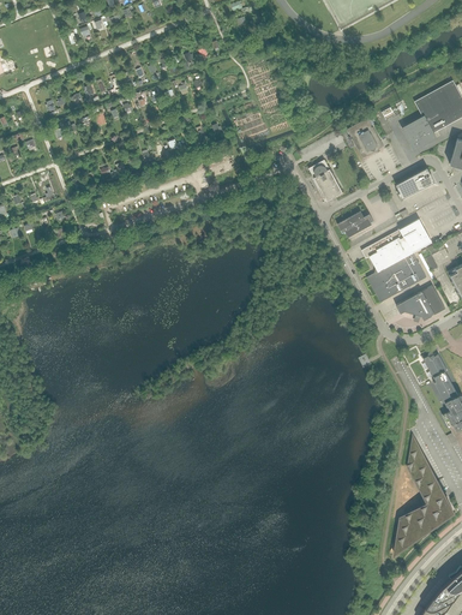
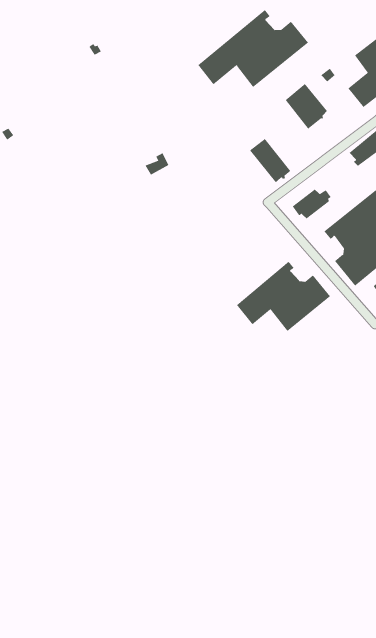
building: none -> [197,9,309,88]
building: none -> [236,261,331,332]

